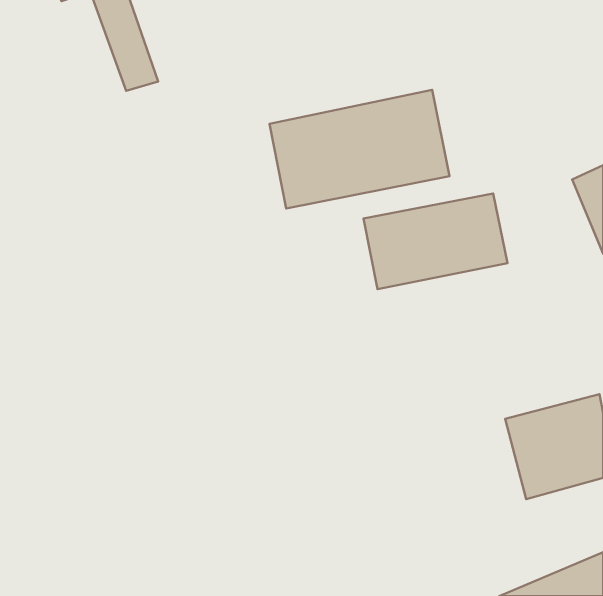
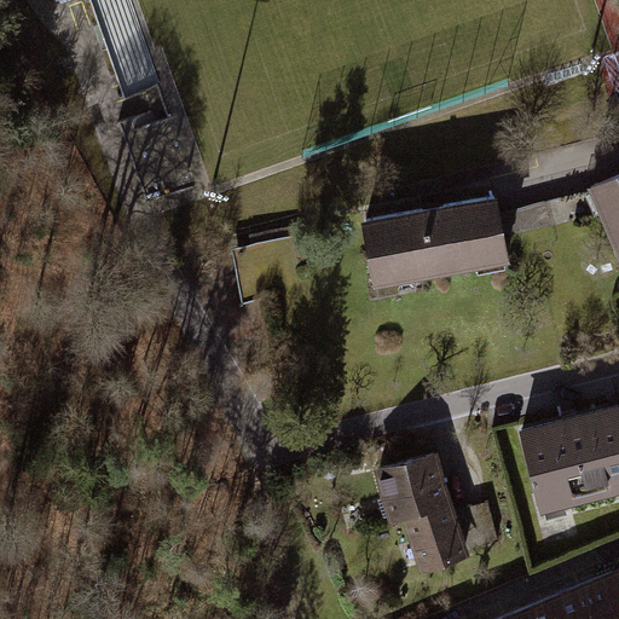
building: [270,90,449,209] -> none
building: none -> [377,453,496,562]

